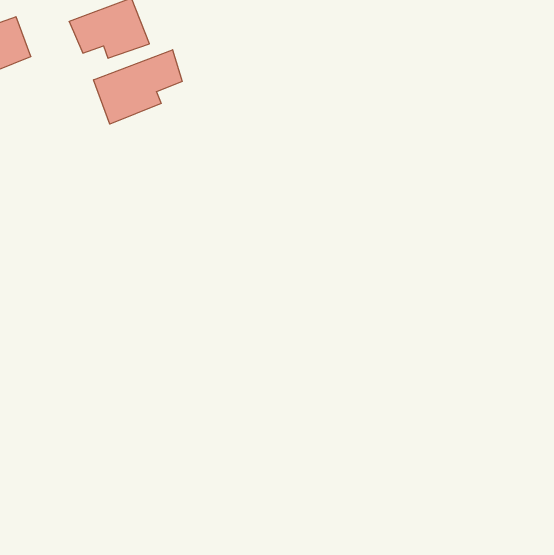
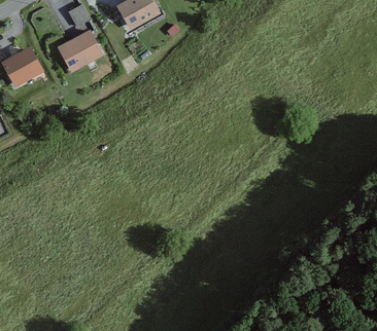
building: [94,50,182,124] -> none

